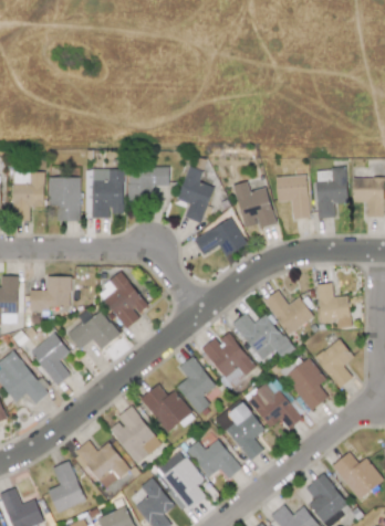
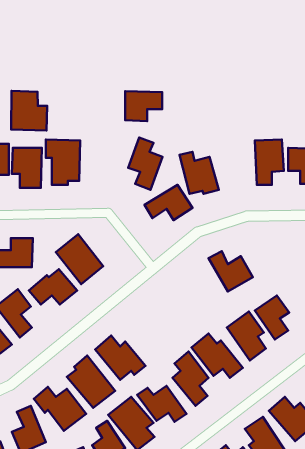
building: none -> [11,91,47,131]
building: [128,167,169,200] -> [125,91,162,121]
building: [277,175,310,218] -> none
building: [318,283,352,328] -> none
building: [233,313,293,360] -> none
building: [202,333,257,383] -> none
building: [178,356,217,413] -> none

